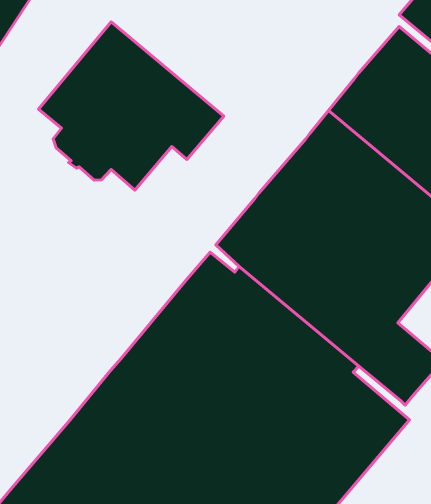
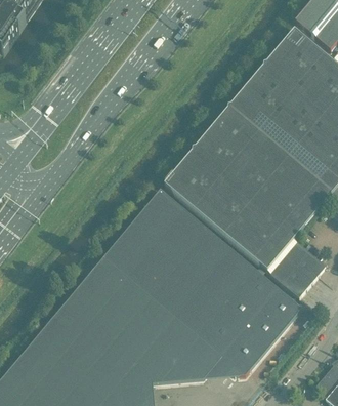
building: [38,22,224,190] -> none

